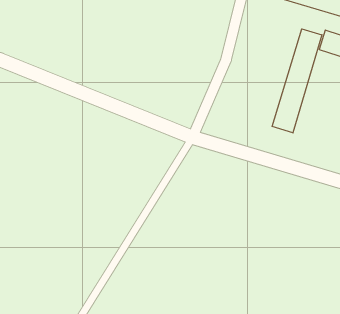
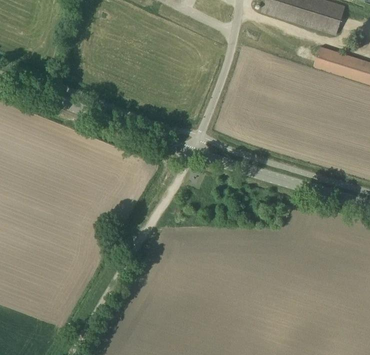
building: [272,29,322,133] -> none

